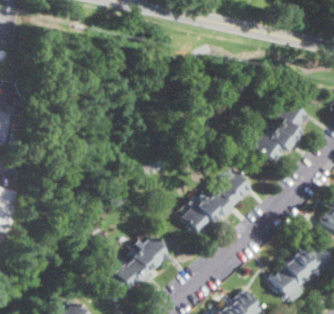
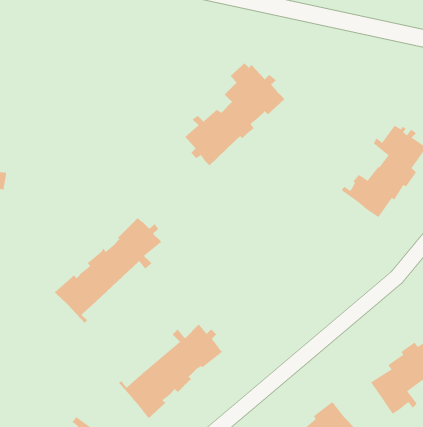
building: none -> [54,217,161,324]
building: [183,164,252,235] -> [185,63,285,166]

